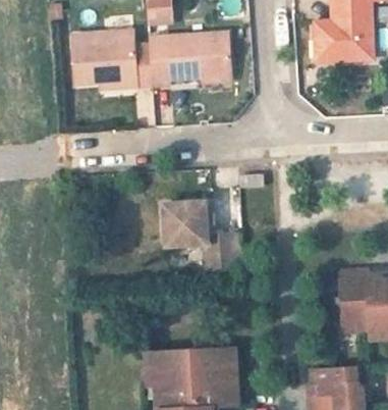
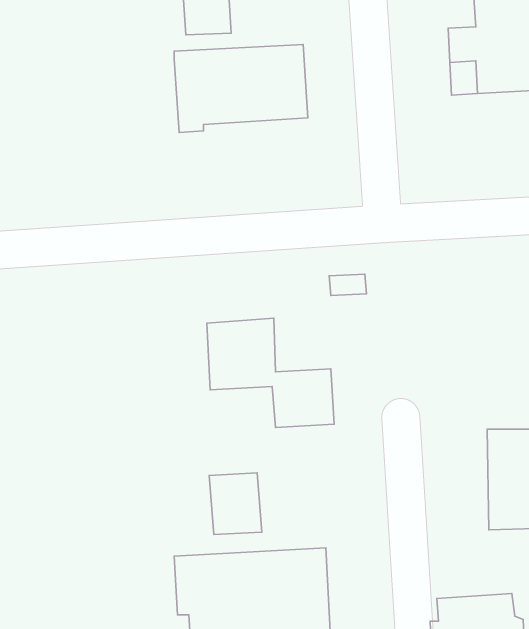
building: [73,34,147,87] -> none
building: none -> [209,473,262,535]

